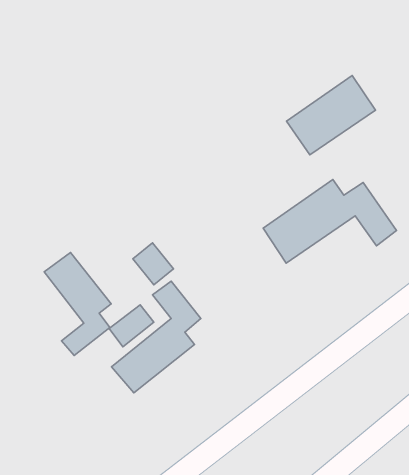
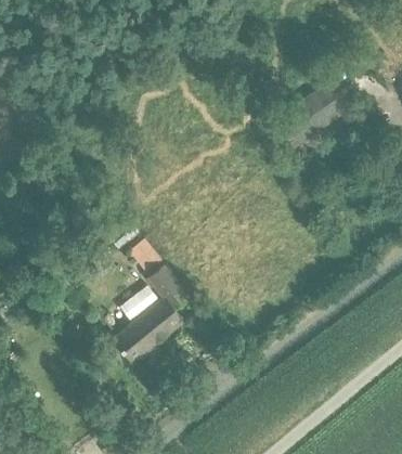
building: [263,179,396,263] -> none
building: [44,252,111,355] -> none

